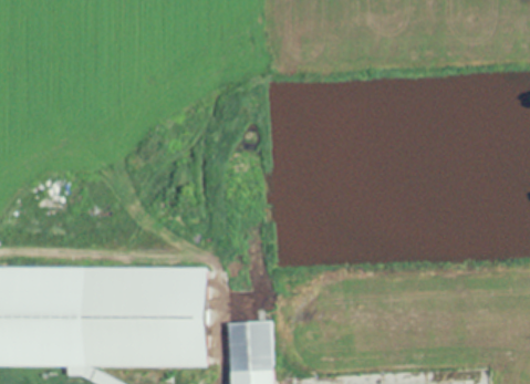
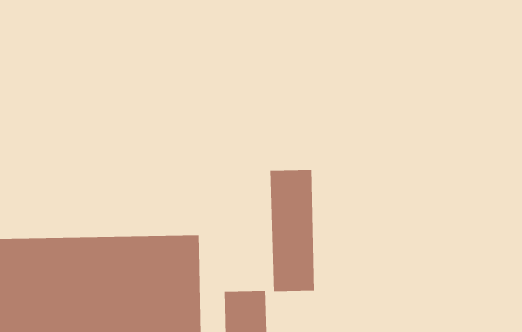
building: none -> [270,169,315,292]

